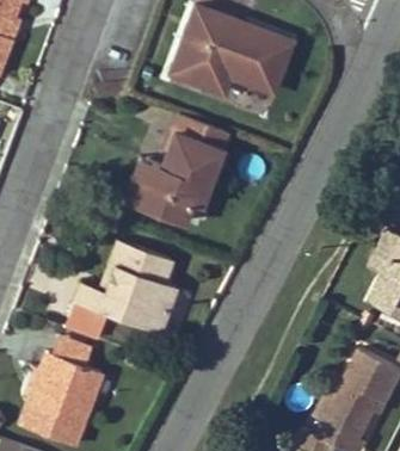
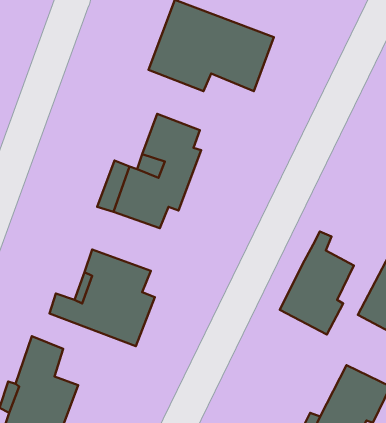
building: none -> [280,231,354,334]

